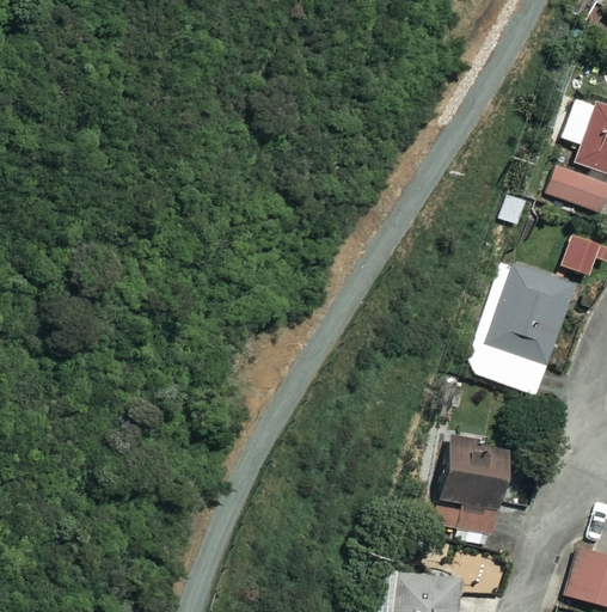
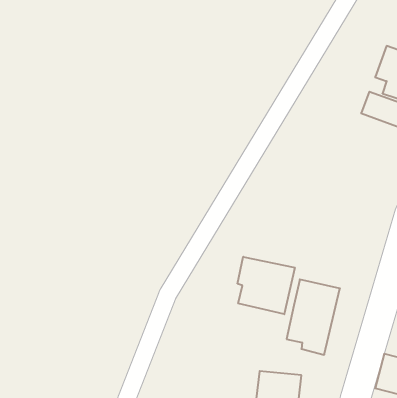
building: [472,262,575,393] -> none
building: none -> [238,257,295,314]

